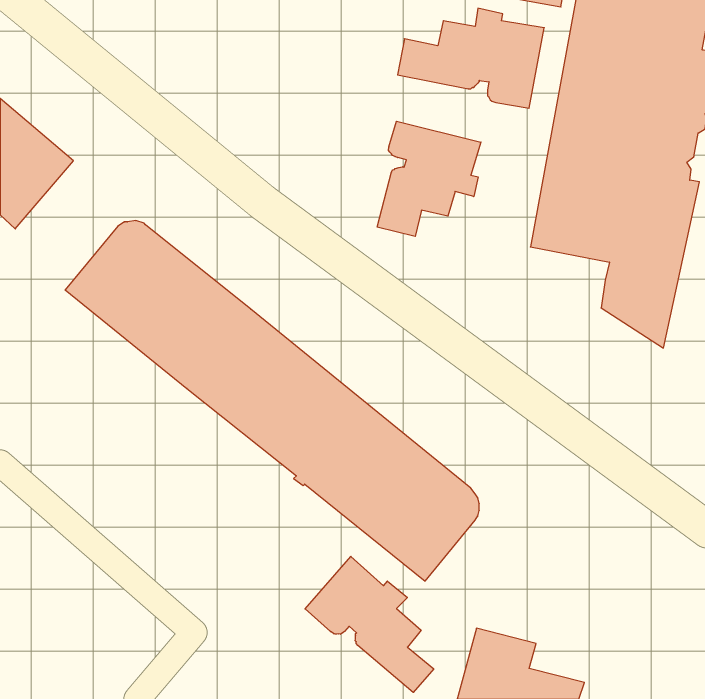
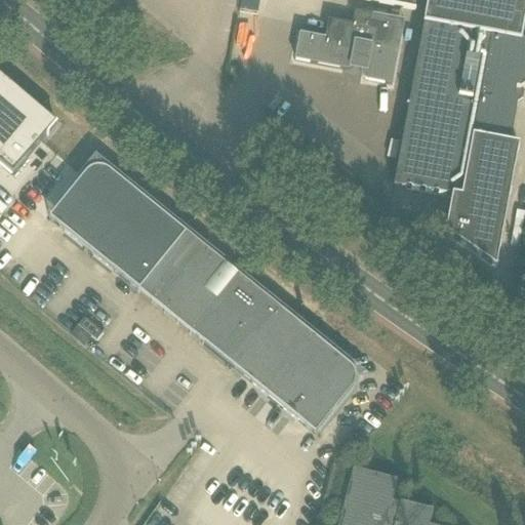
building: [377,121,481,236] -> none
building: [305,556,434,692] -> none

